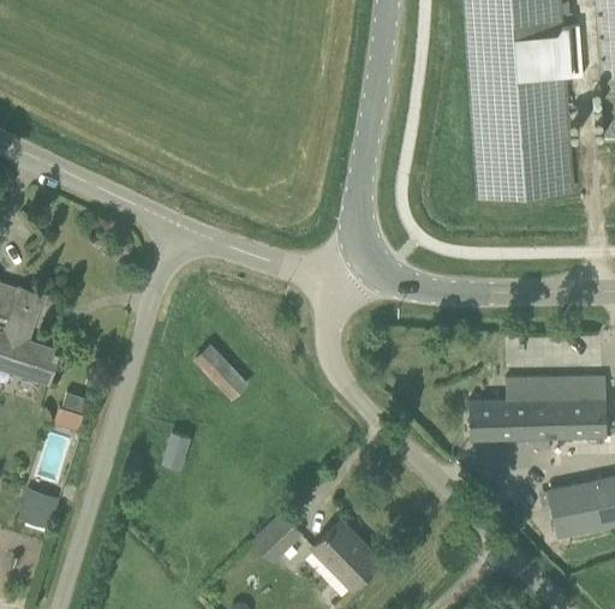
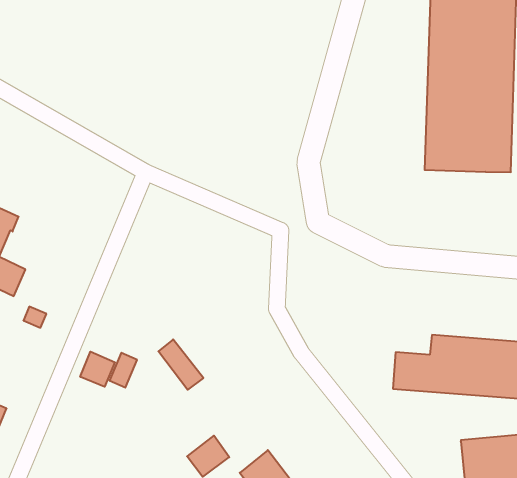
building: [196,346,247,399] -> [158,339,203,390]
building: none -> [80,352,115,387]

